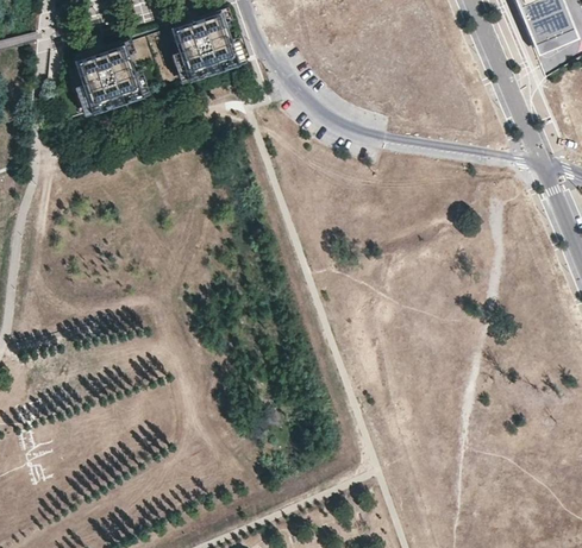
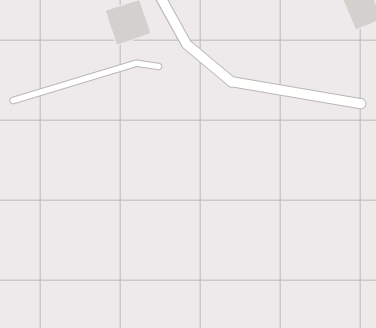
building: [76,45,144,113] -> none

